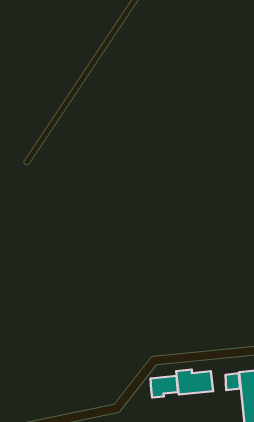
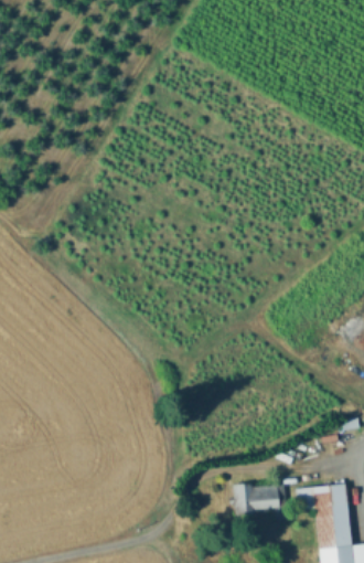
building: [150,376,178,397] -> none

